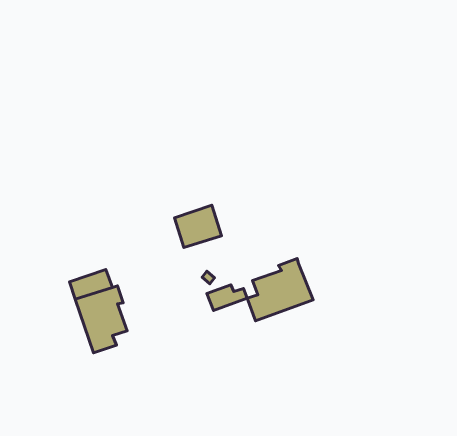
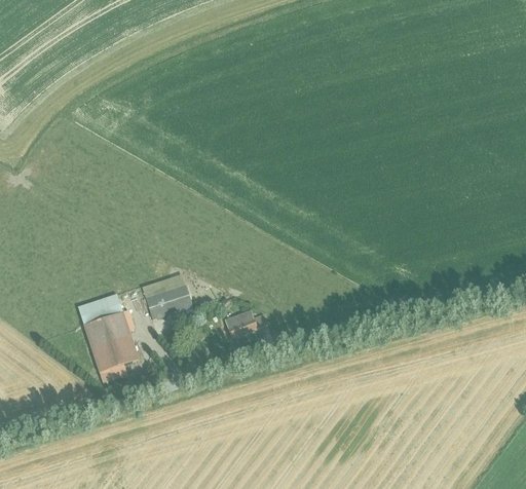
building: [174,205,221,247] -> [143,275,193,321]
building: [247,259,313,321] -> none

